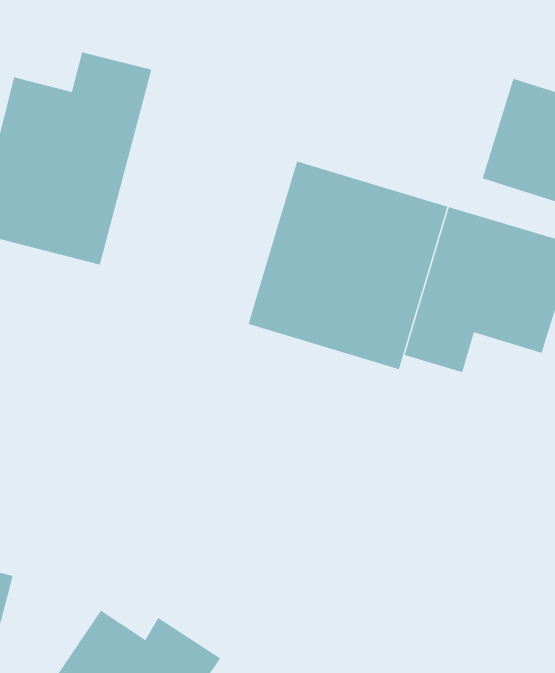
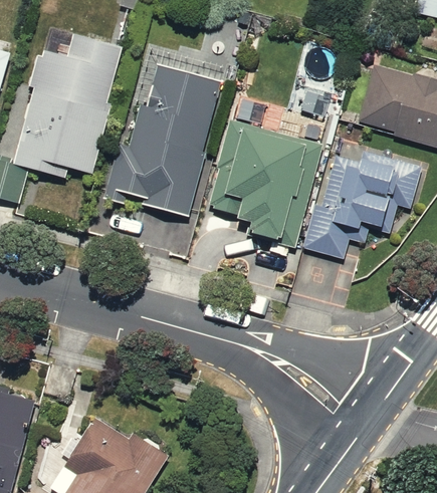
building: none -> [104,59,235,225]

